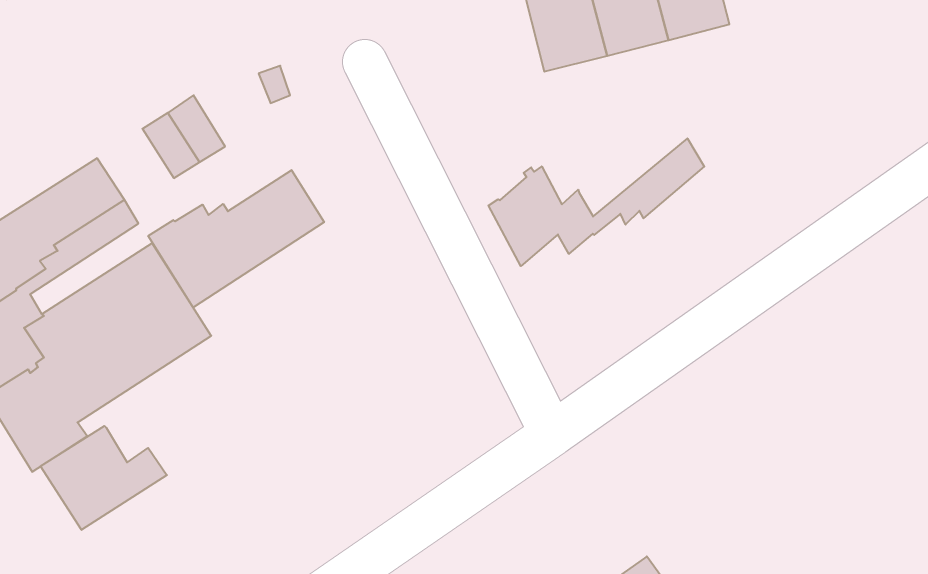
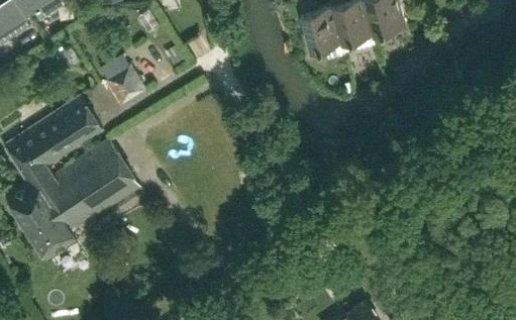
building: [488,138,704,266] -> none
building: [148,170,324,307] -> none
building: [40,426,167,530] -> none

